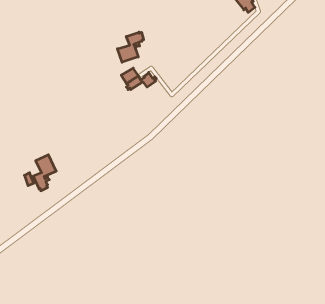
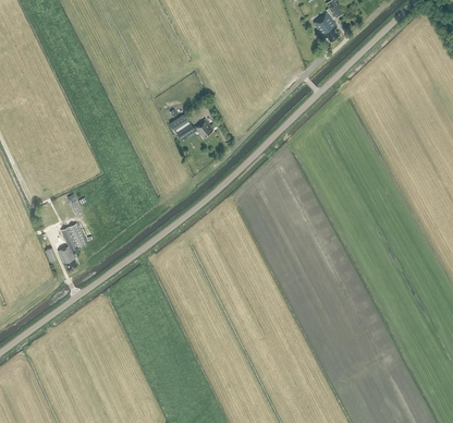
building: [117,32,144,62] -> none

